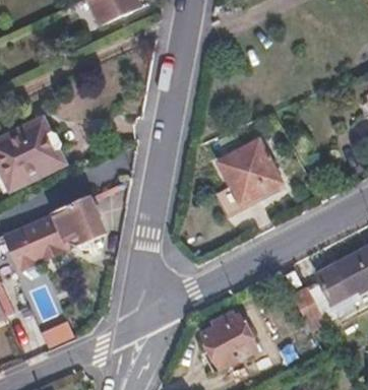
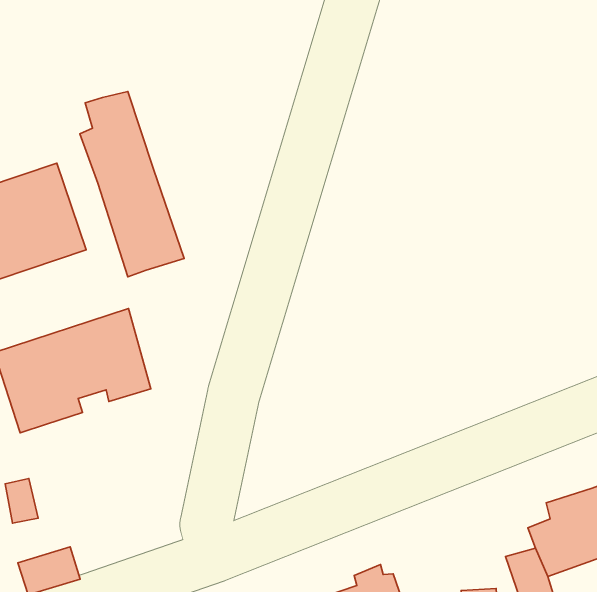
building: none -> [80,92,184,277]
building: [218,141,283,206] -> none

